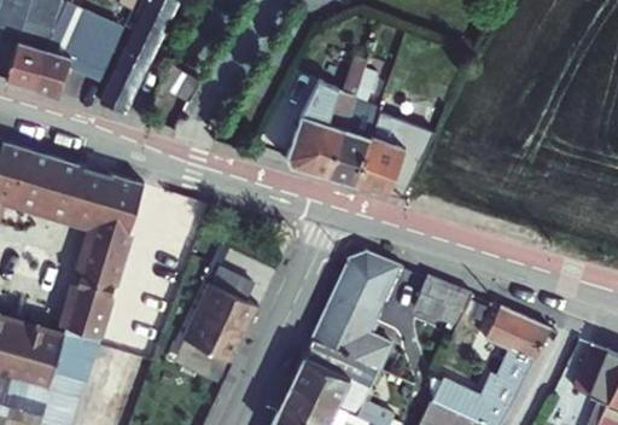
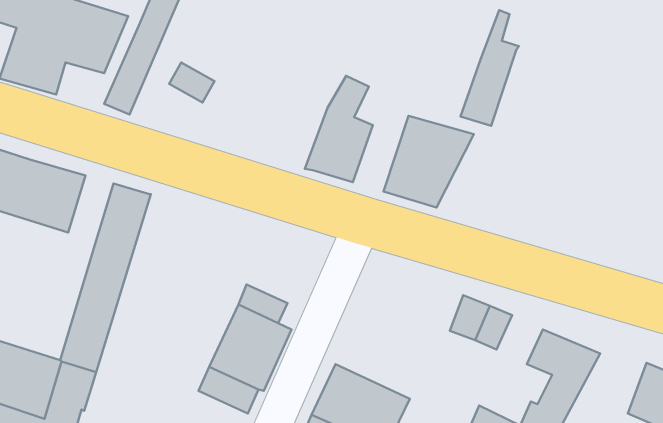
building: [326,78,379,184] -> [460,10,519,126]
building: [68,169,109,228] -> none
building: [310,252,398,372] -> none

